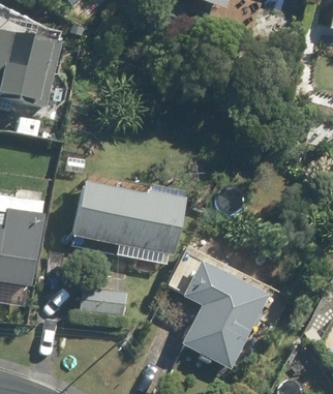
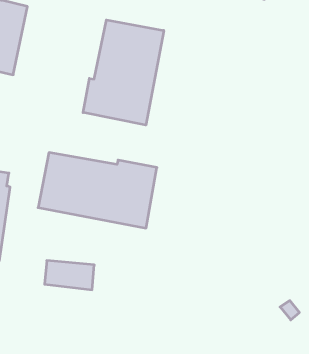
building: none -> [83,20,164,125]
building: [181,266,264,368] -> none

